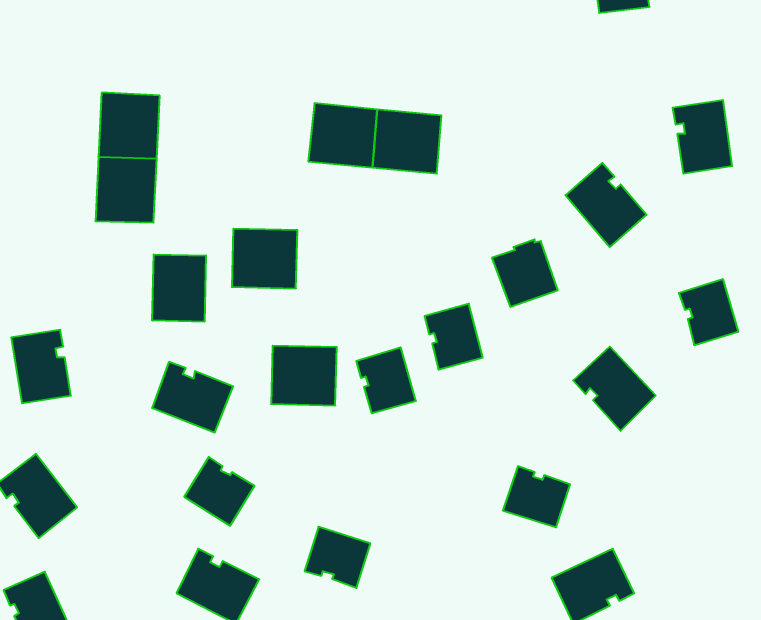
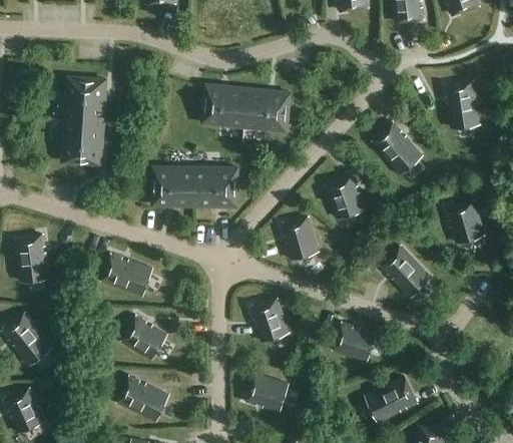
building: [152,254,206,322] -> none
building: [271,346,337,405] -> [195,166,238,205]
building: [356,347,416,413] -> [250,297,290,340]
building: [305,527,370,588] -> [244,370,288,410]

